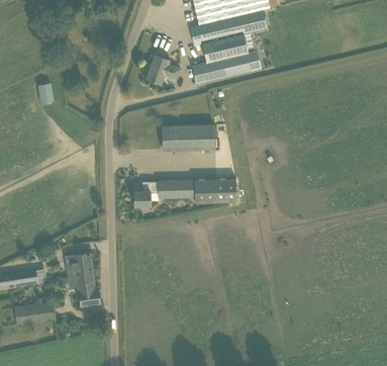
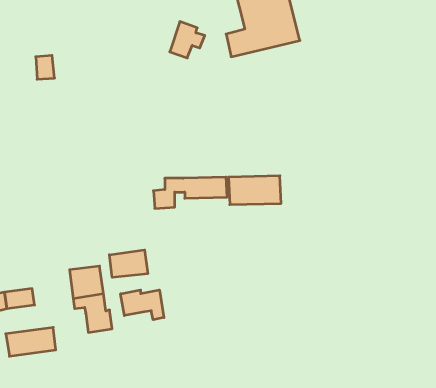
building: [162,124,215,150] -> none
building: none -> [109,250,148,277]
building: none -> [121,290,164,320]

